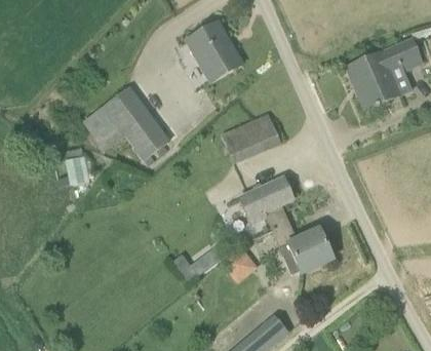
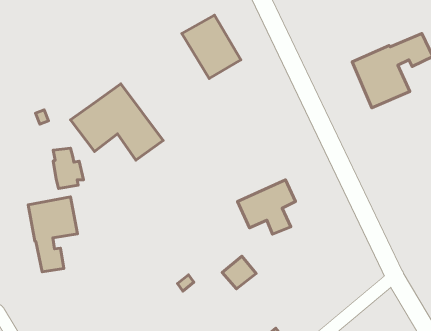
building: [222,113,281,161] -> none
building: none -> [28,197,77,272]
building: [272,221,334,272] -> none

